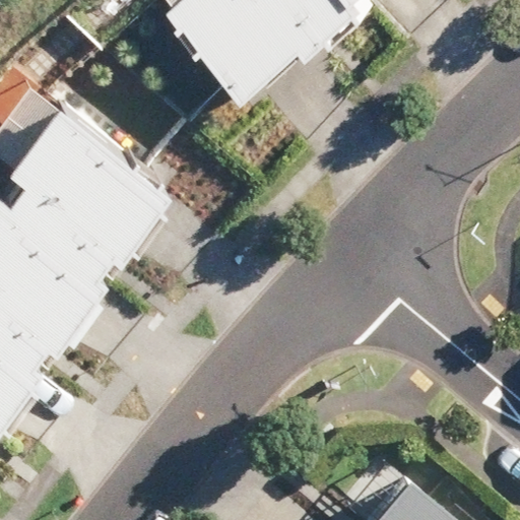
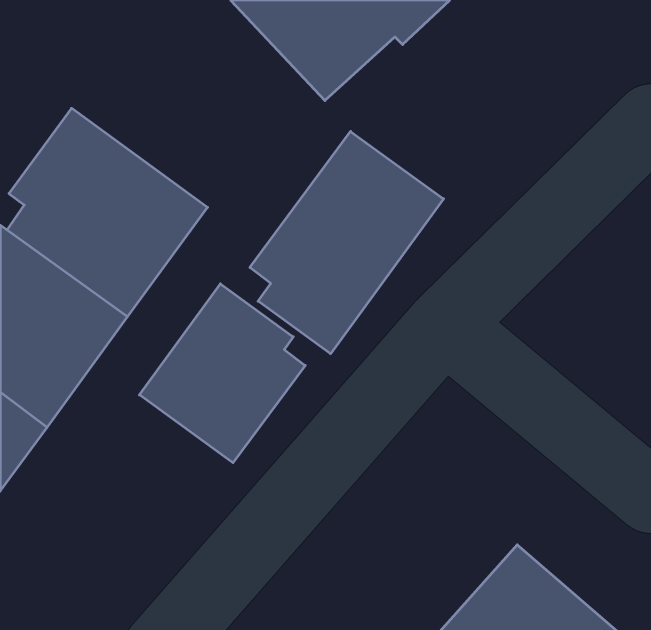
building: none -> [250,131,444,354]
building: none -> [139,284,305,463]

